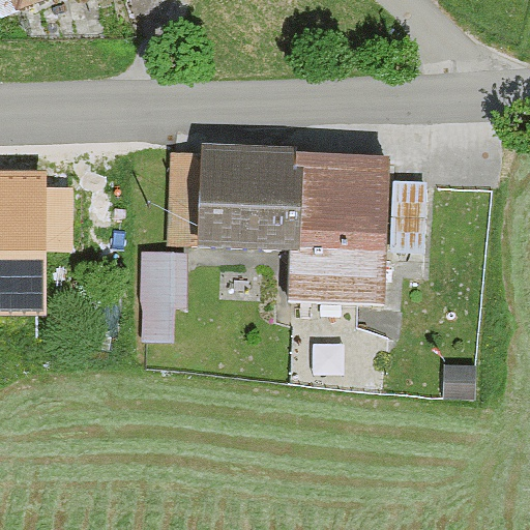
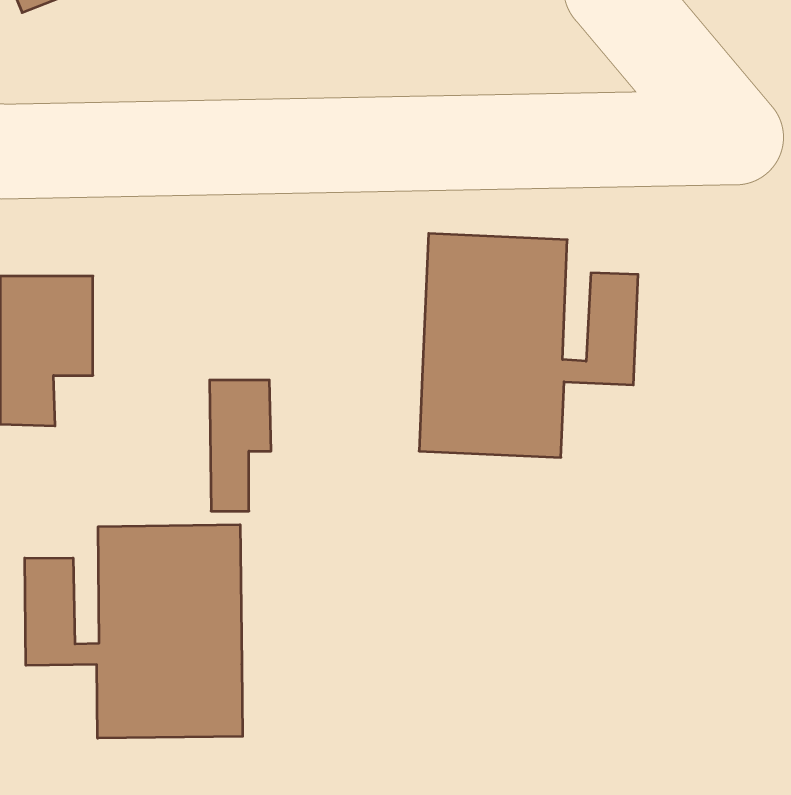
building: [174,149,291,247] -> none
building: none -> [25,525,243,738]

